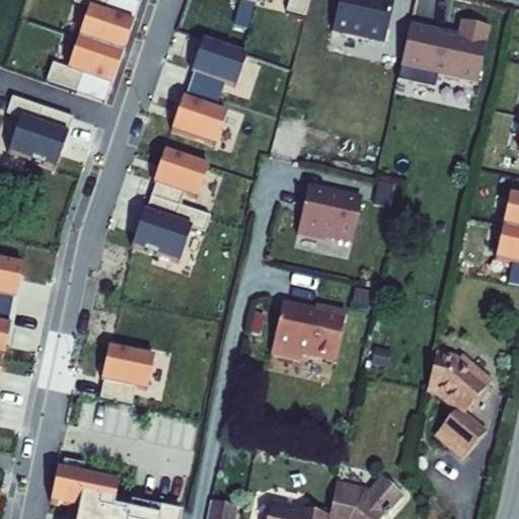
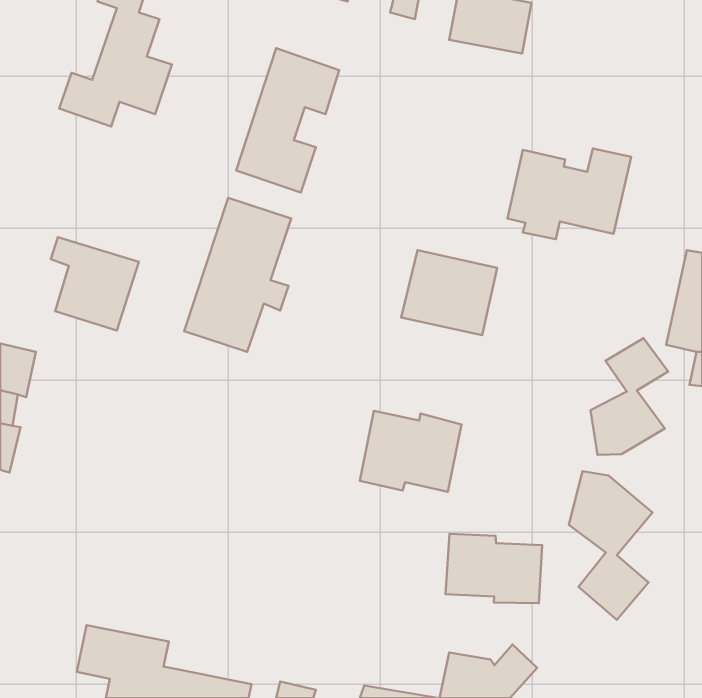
building: [398,20,490,87] -> [508,149,631,239]
building: [8,95,73,164] -> [51,237,139,330]
building: none -> [590,338,668,455]
building: [98,343,157,402] -> none
building: none -> [445,534,542,603]

